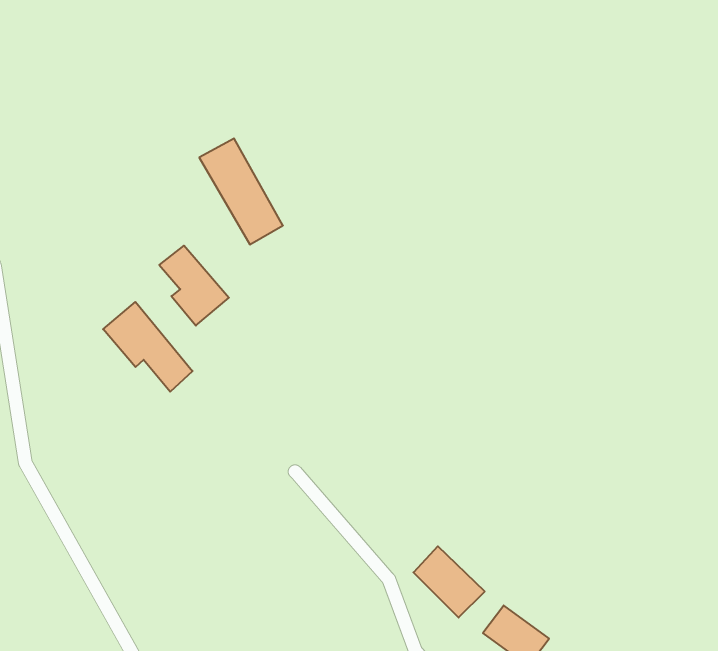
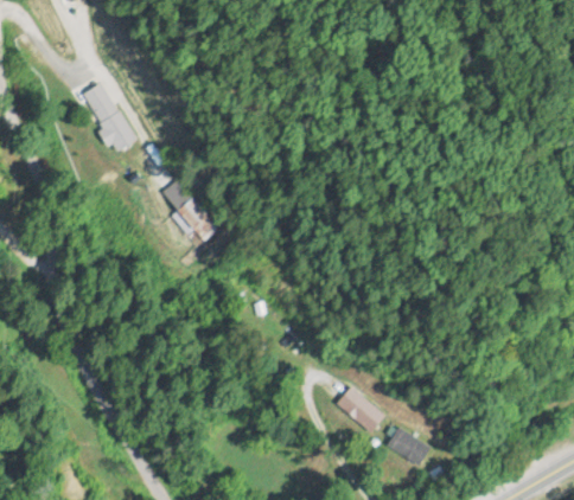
building: [199,138,283,244] -> [81,82,138,154]
building: [103,302,193,392] -> none

